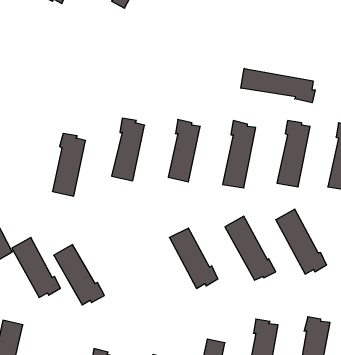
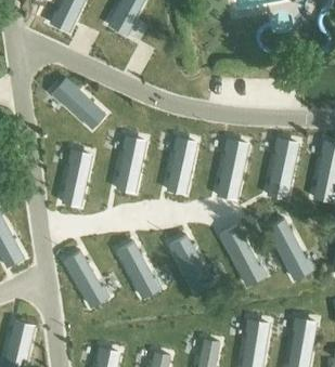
building: none -> [50,79,105,129]
building: [241,68,315,103] -> none
building: [12,237,60,298] -> [116,241,160,297]

